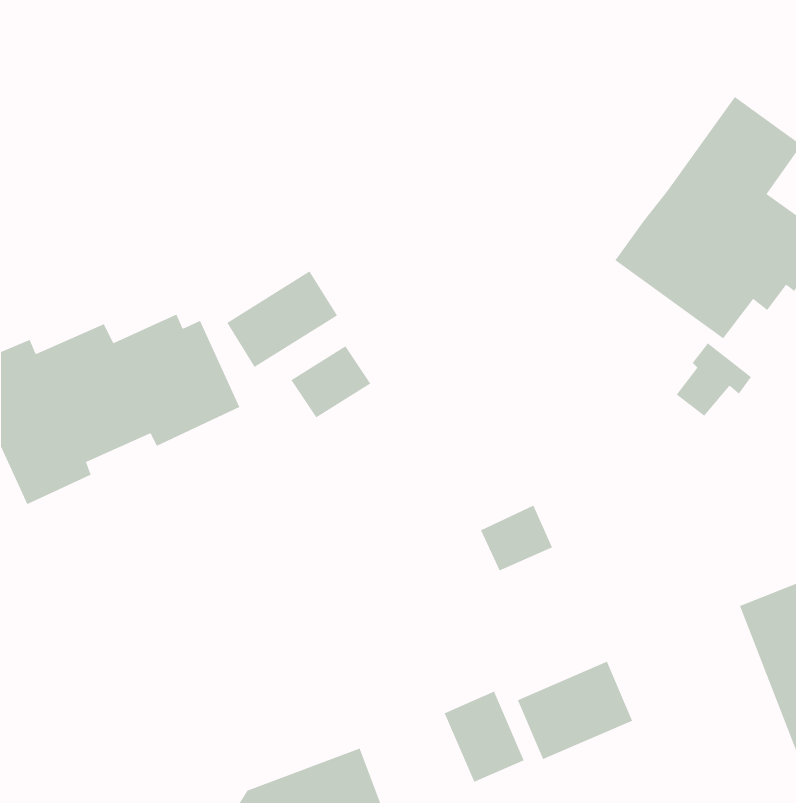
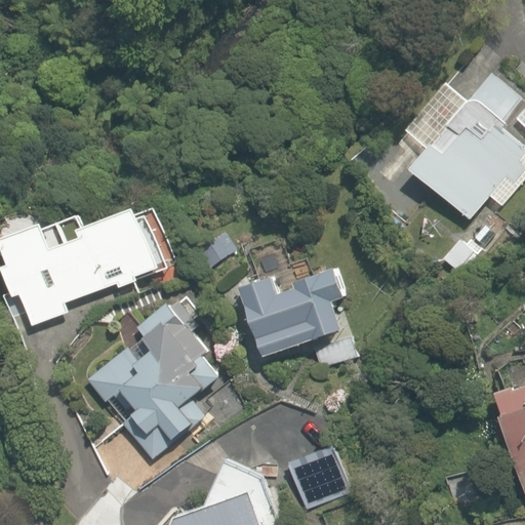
building: [226,270,338,368] -> none
building: none -> [239,261,359,362]
building: none -> [82,295,231,463]
building: [517,661,633,760] -> none

